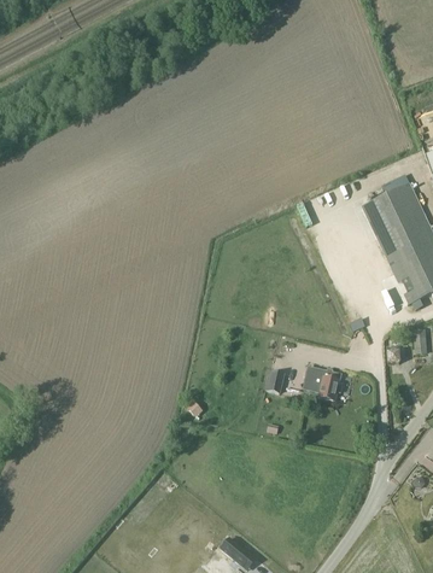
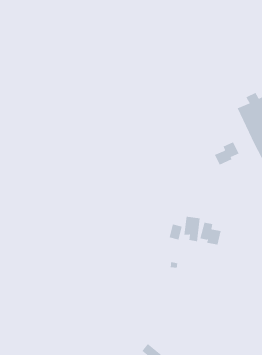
building: none -> [214,142,239,165]

